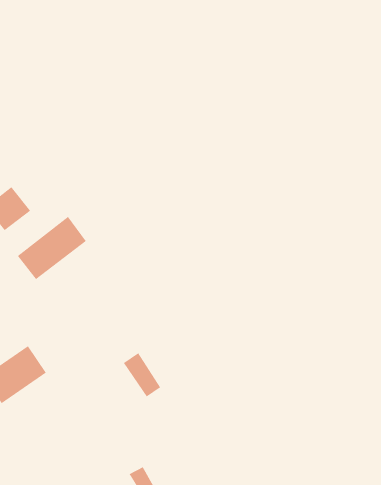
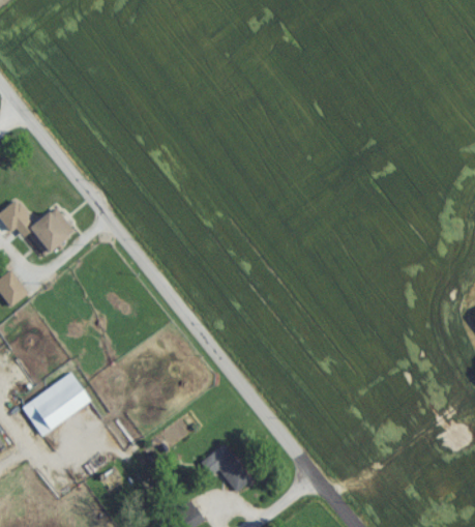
building: [17,216,87,280] -> none
building: [123,352,161,397] -> [210,443,250,491]

